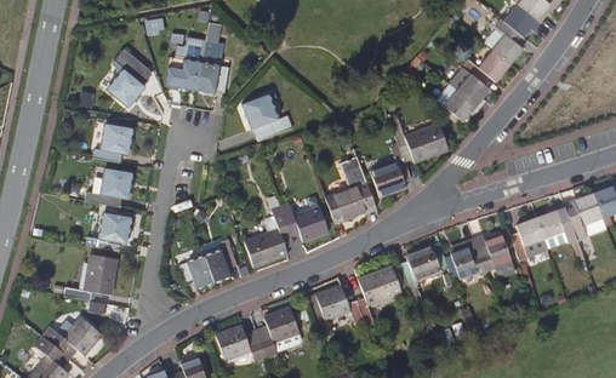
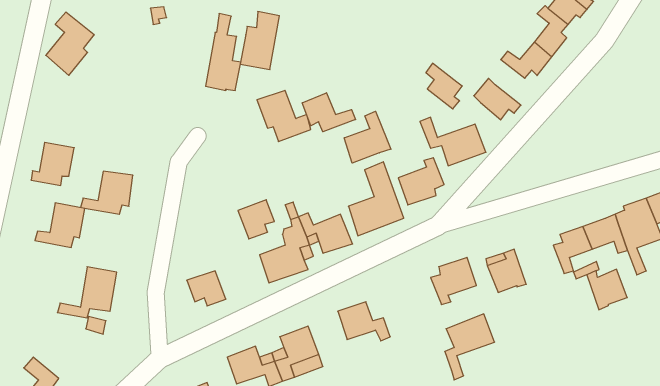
building: [170,39,205,91] -> [240,12,279,70]
building: [107,50,150,107] -> [46,12,94,75]
building: [456,67,489,108] -> [426,63,462,109]
building: none -> [302,93,356,132]
building: none -> [344,111,391,163]
building: [92,122,131,161] -> [31,142,74,185]
building: [85,211,130,251] -> [35,203,85,247]
building: [474,233,511,269] -> [587,269,627,310]
building: [205,247,238,282] -> [238,200,274,239]
building: [357,265,401,325] -> [445,314,495,380]
building: [41,316,99,354] -> none

